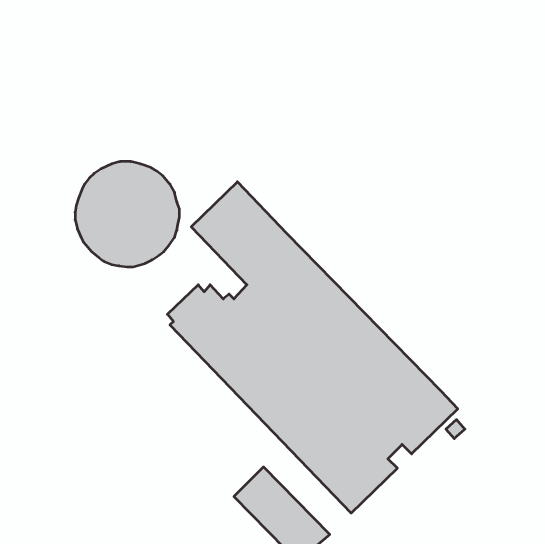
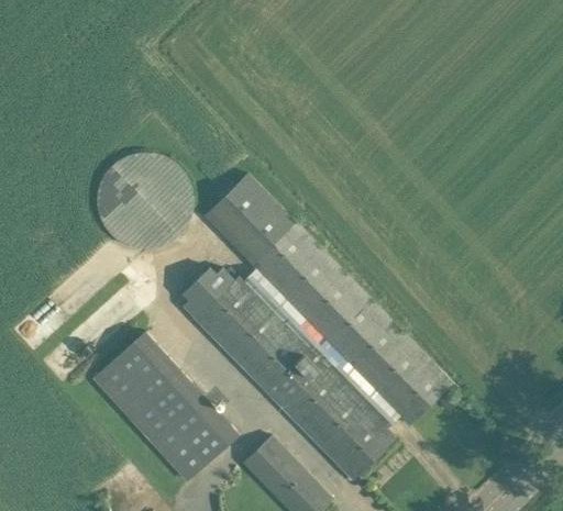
building: none -> [92,332,236,480]

